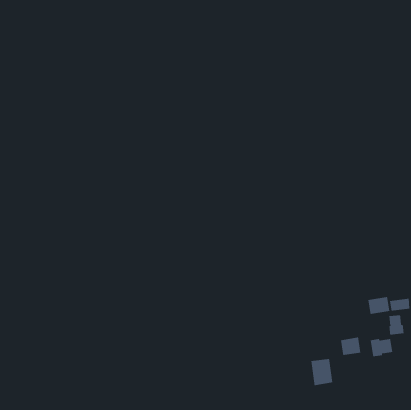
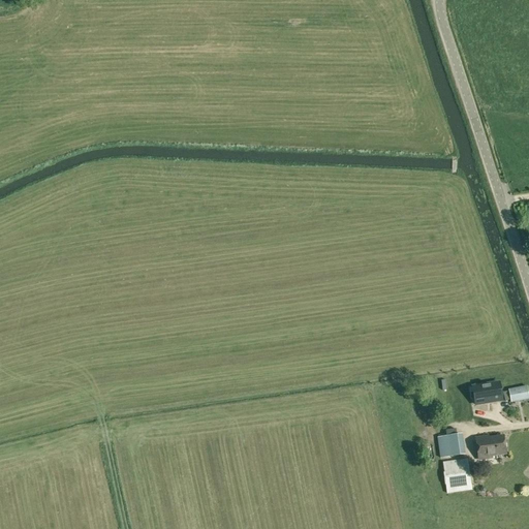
building: [389,314,404,336] -> none
building: [311,358,333,386] -> [442,458,471,493]

